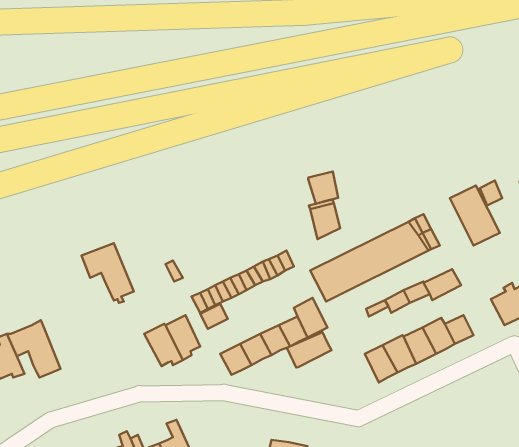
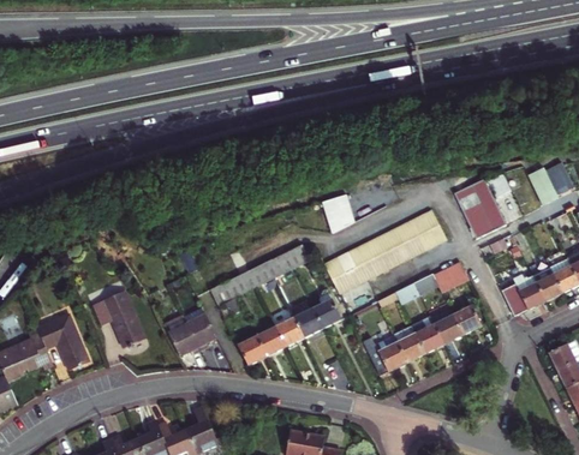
building: [308,172,338,204] -> none
building: [81,243,134,303] -> [91,289,142,347]
building: [287,332,332,368] -> none

